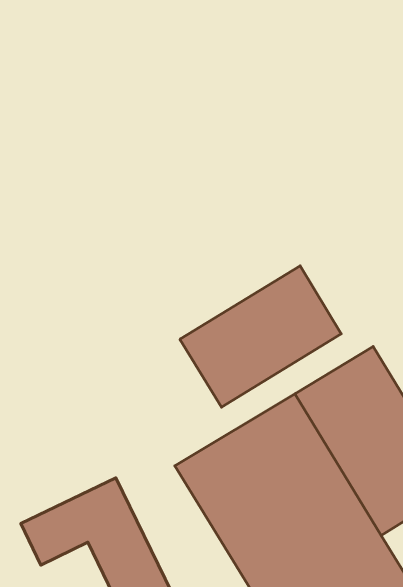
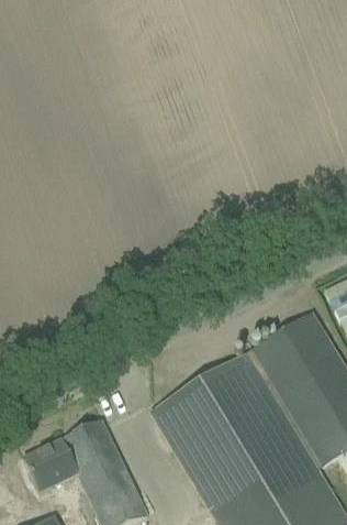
building: [180,266,341,407] -> none

